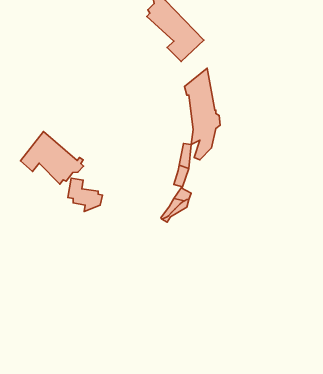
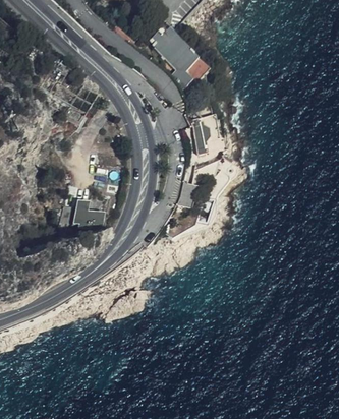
building: [21,131,83,184] -> none

